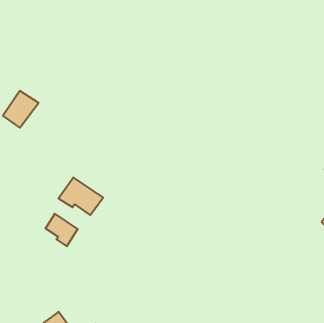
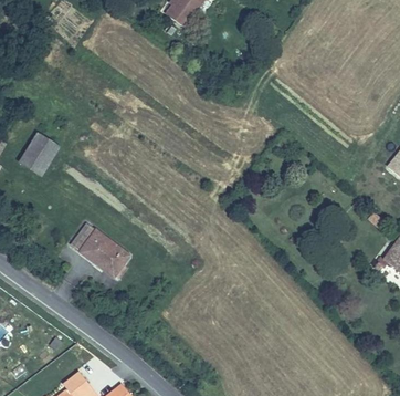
building: [46,214,78,246] -> none

